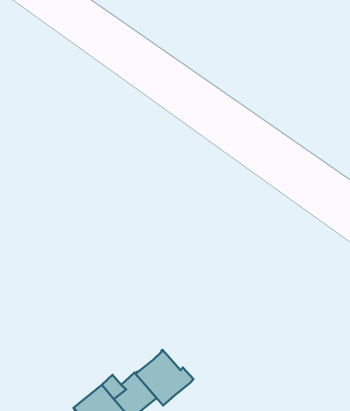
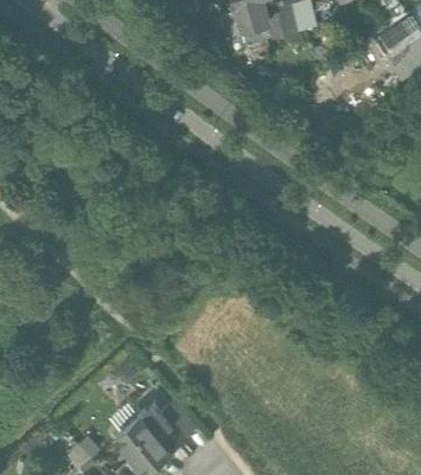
building: [136,350,193,405] -> none

